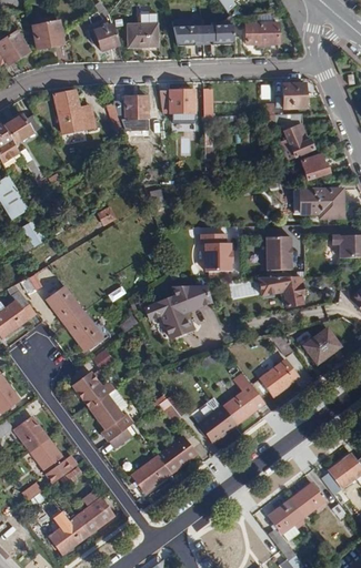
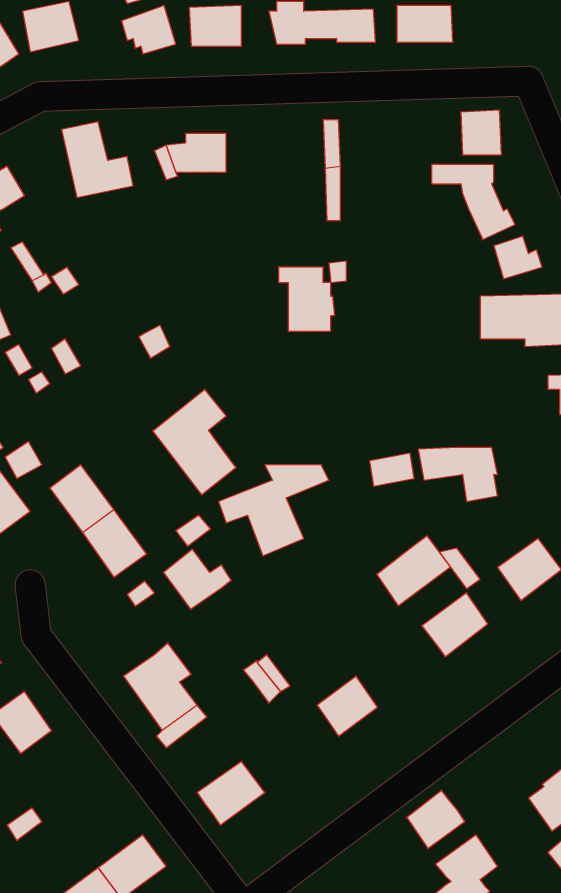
building: [160,89,195,112] -> none
building: [201,233,233,270] -> [278,267,335,331]
building: [267,235,292,268] -> none
building: none -> [153,389,236,495]
building: [74,372,113,406] -> [163,549,231,609]
building: [223,384,265,424] -> [377,536,450,606]
building: [158,436,197,473] -> none
building: [31,437,71,481] -> none
building: [292,481,325,515] -> [407,790,465,849]

